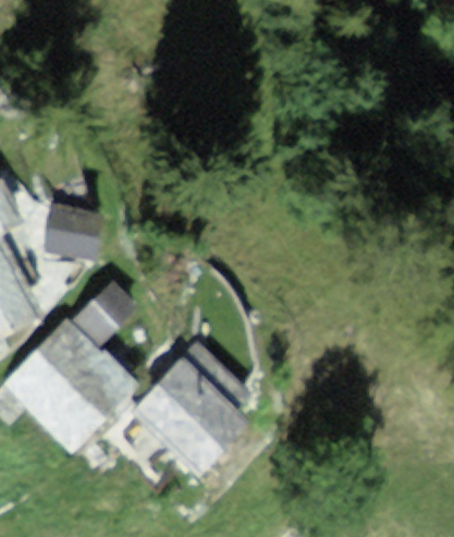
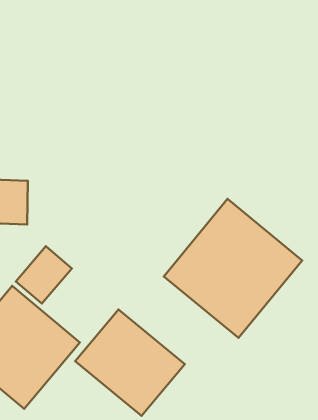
building: none -> [164,199,302,338]

